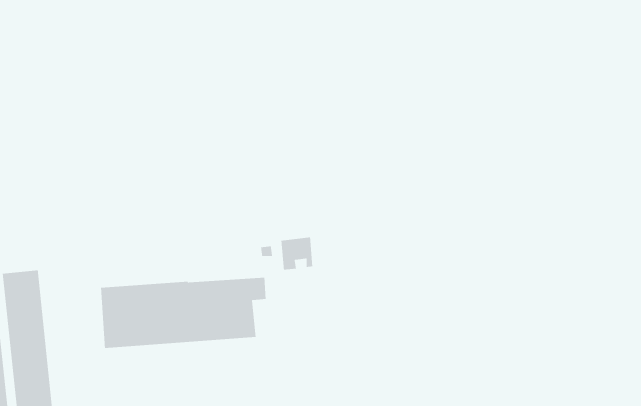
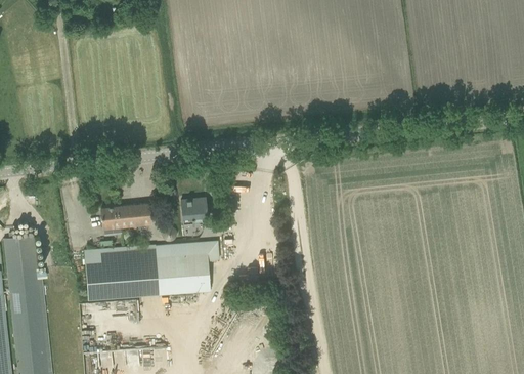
building: none -> [100,204,150,230]
building: [281,236,313,271] -> [180,198,207,225]

